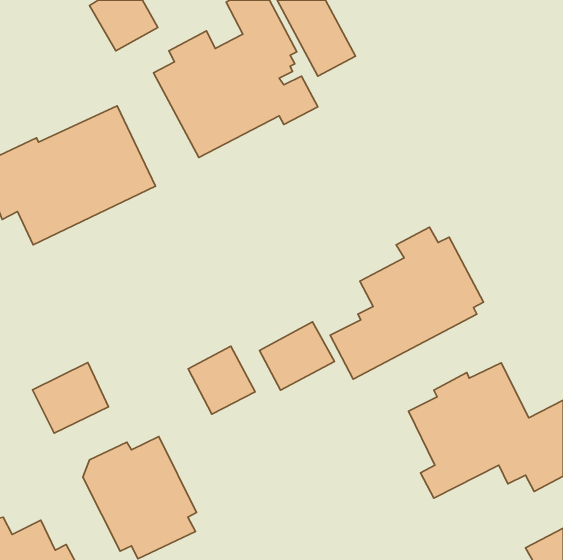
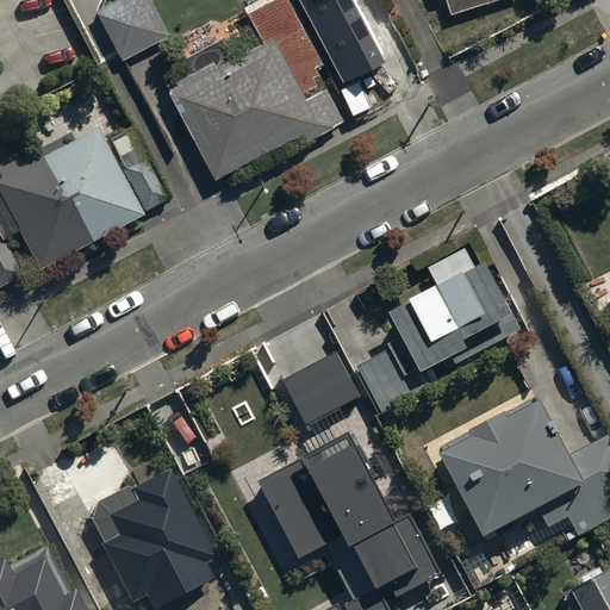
building: [188,346,255,414] -> none
building: [33,363,109,433] -> none
building: none -> [257,437,436,591]

